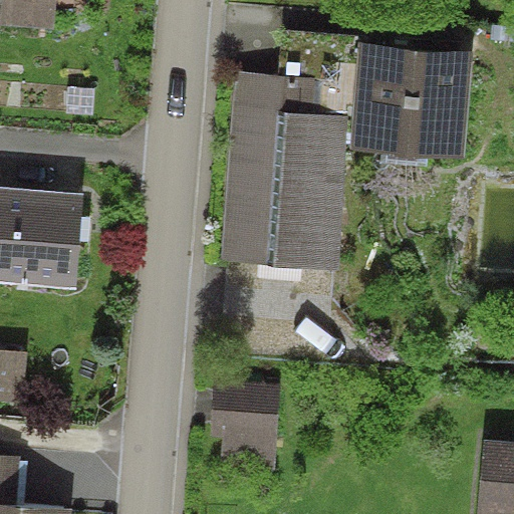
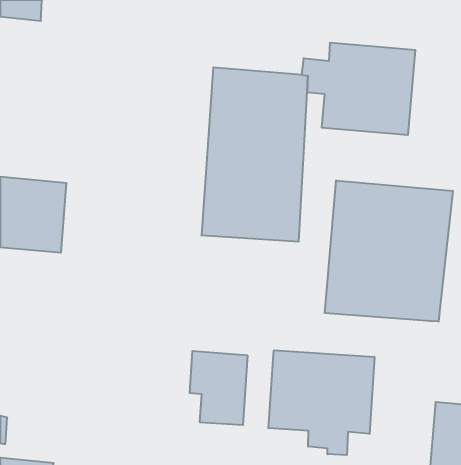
building: none -> [325,180,453,322]
building: none -> [269,350,374,455]

